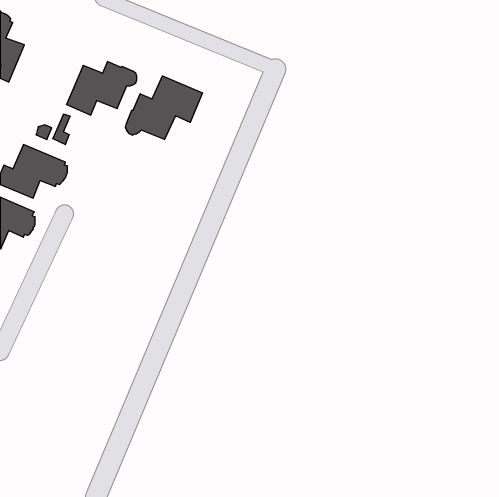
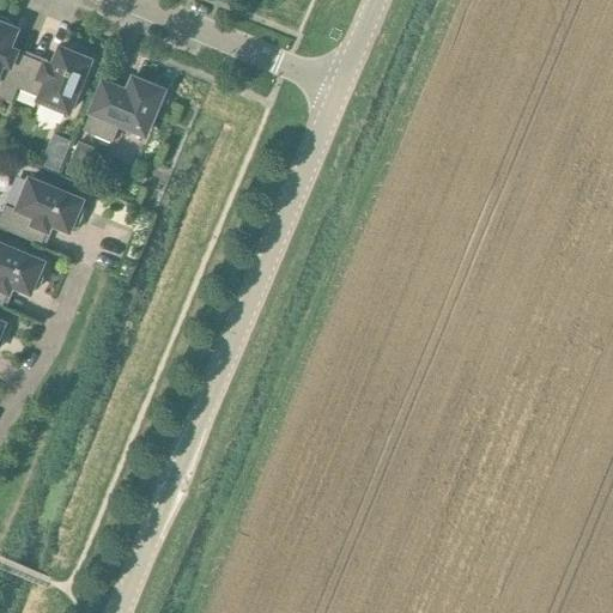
building: none -> [17,44,89,111]
building: [126,76,202,140] -> none

